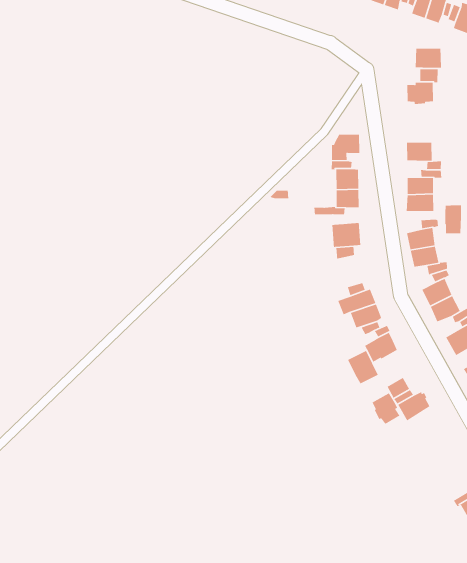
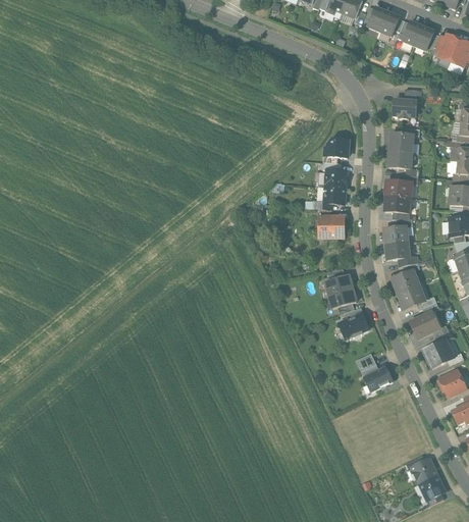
building: [415,48,442,69] -> none
building: none -> [388,127,419,152]
building: [444,205,462,234] -> none
building: [347,350,379,384] -> none
building: [371,392,401,425] -> none

